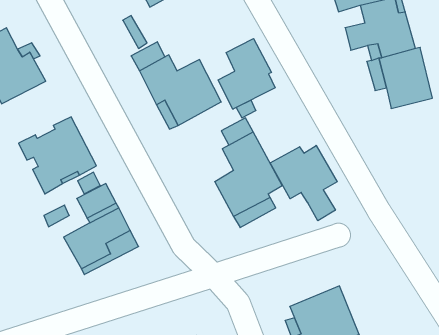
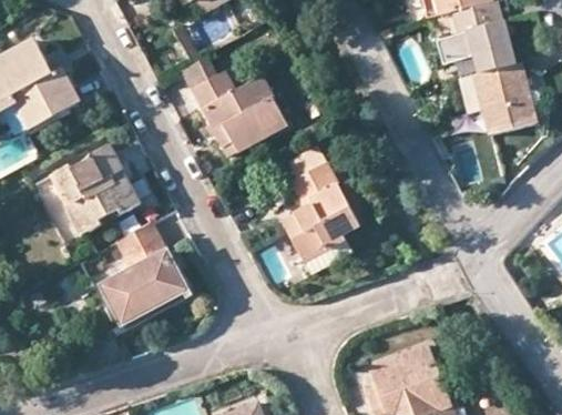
building: [218,39,275,109] -> none
building: [270,145,337,221] -> none

